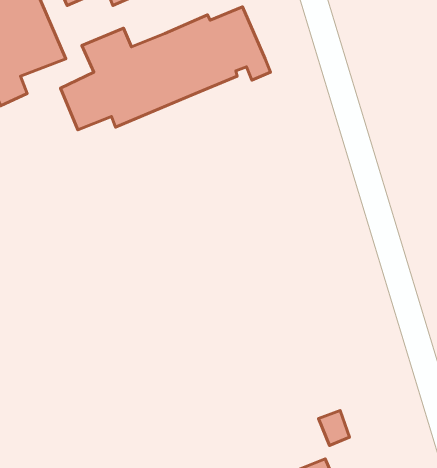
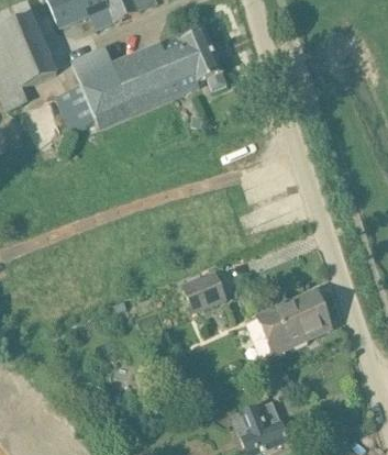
building: none -> [182,270,229,313]
building: none -> [257,289,332,354]

